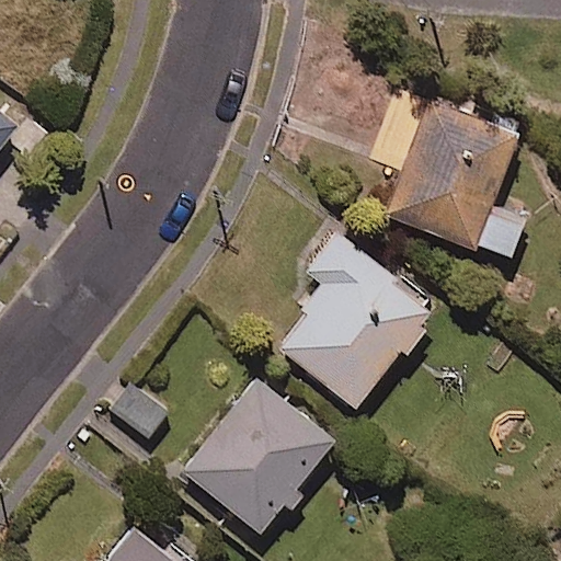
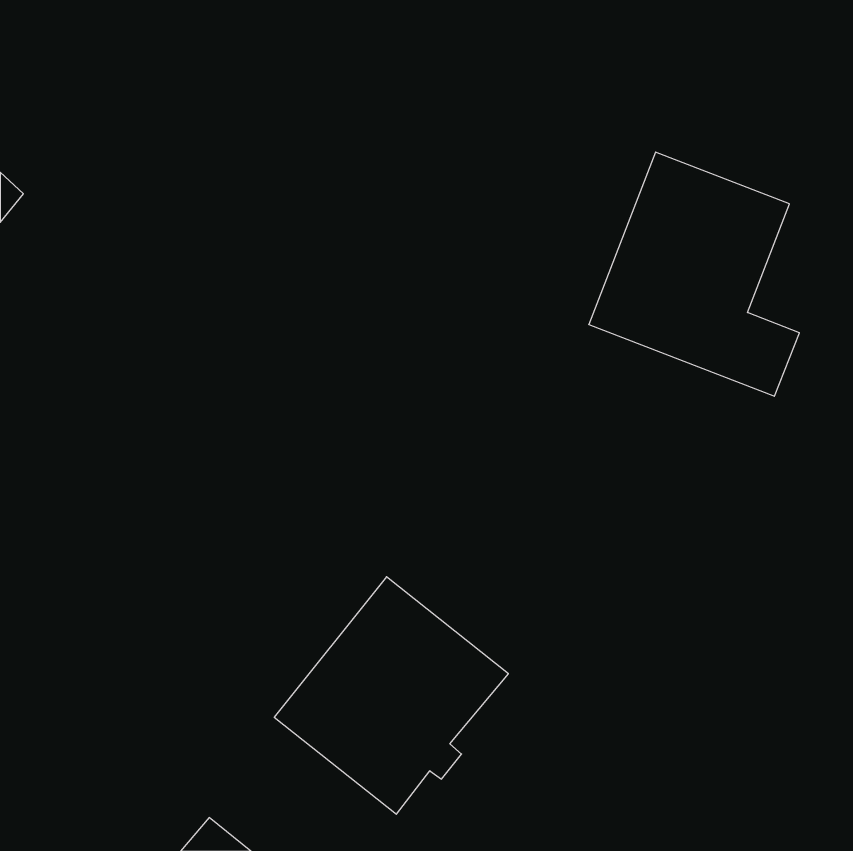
building: [279,233,434,409] -> none

